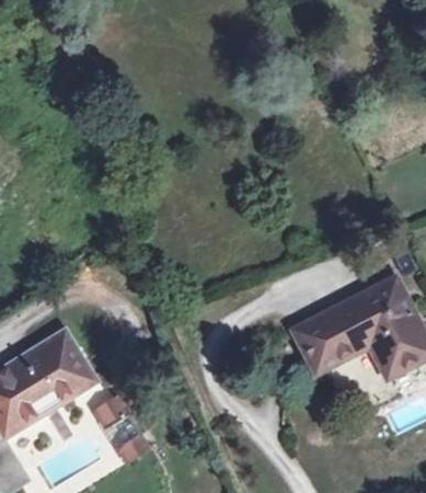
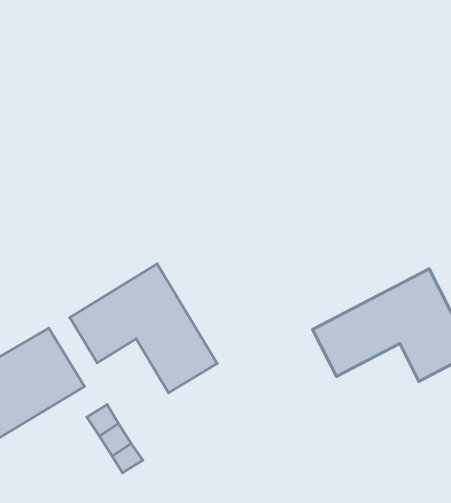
building: none -> [70,264,217,393]

